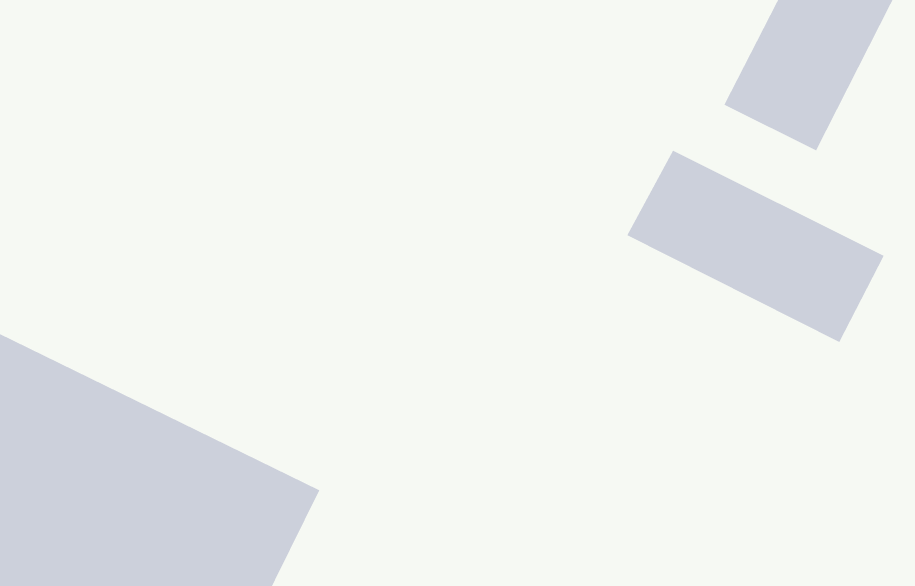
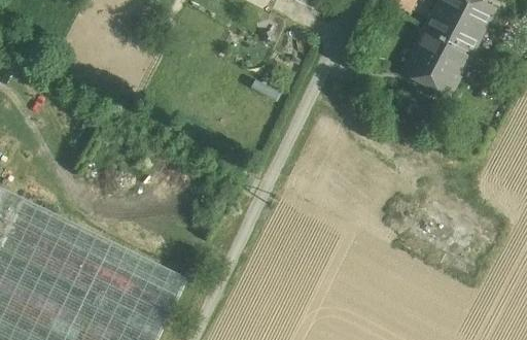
building: [626,150,884,343] -> none

